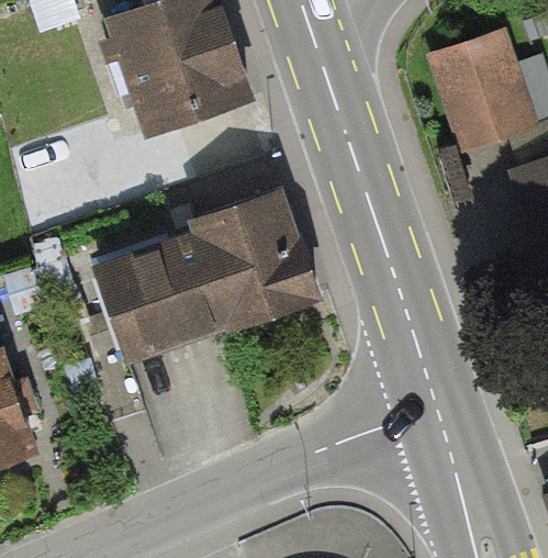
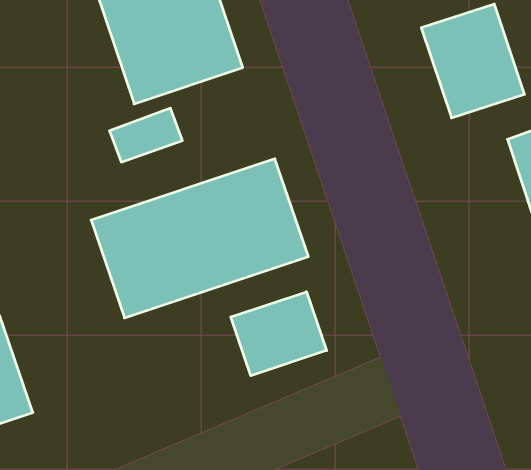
building: none -> [231,292,327,376]

